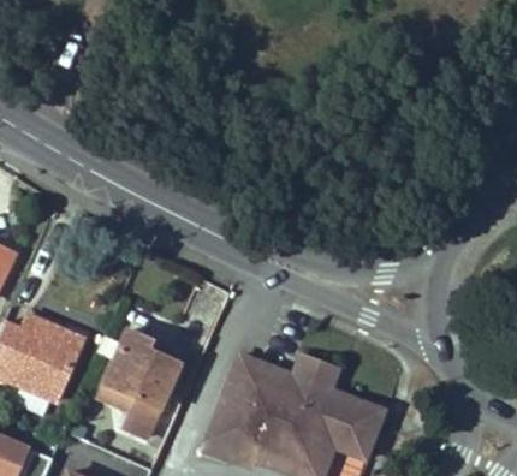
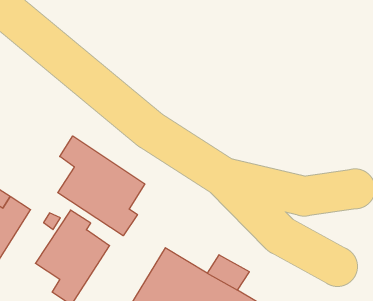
building: none -> [58,136,145,236]

